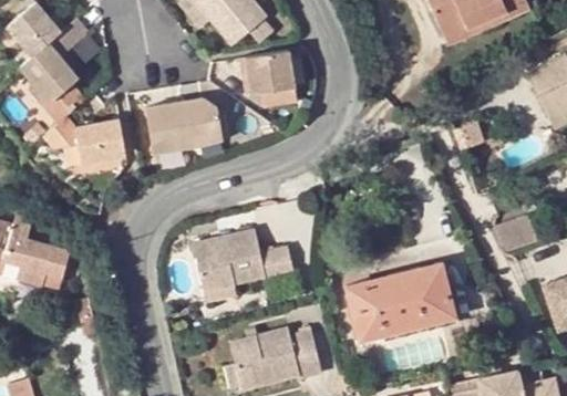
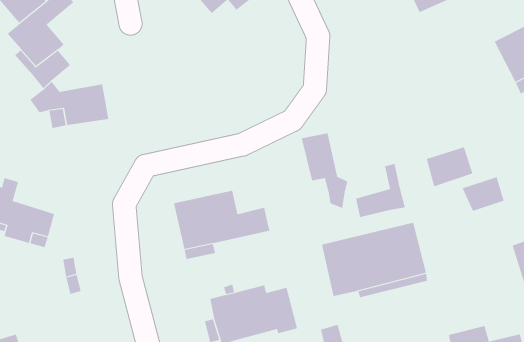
building: [238,50,296,93] -> none
building: [146,97,224,153] -> none
building: none -> [301,132,348,209]
building: none -> [426,147,473,187]
building: none -> [355,163,405,218]

